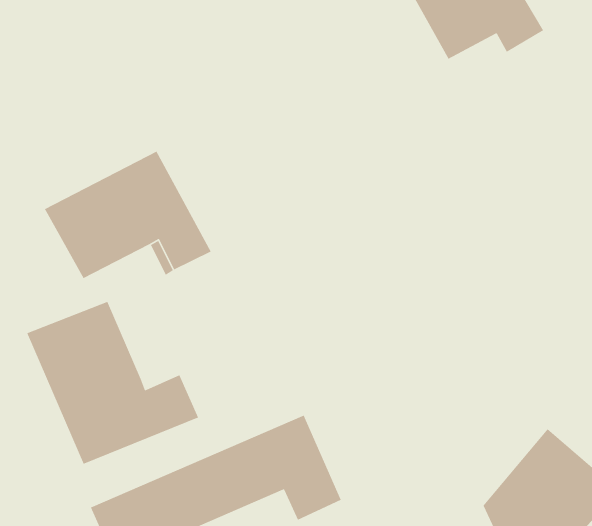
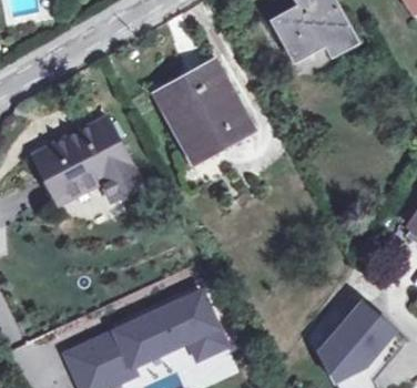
building: none -> [159,63,252,162]
building: [26,301,199,465] -> none

